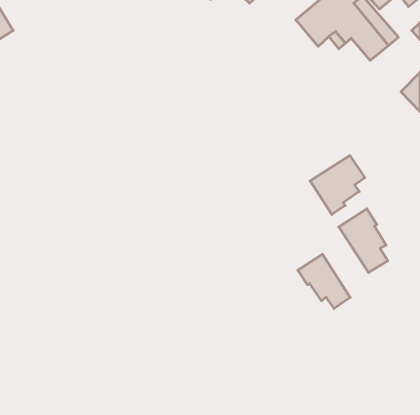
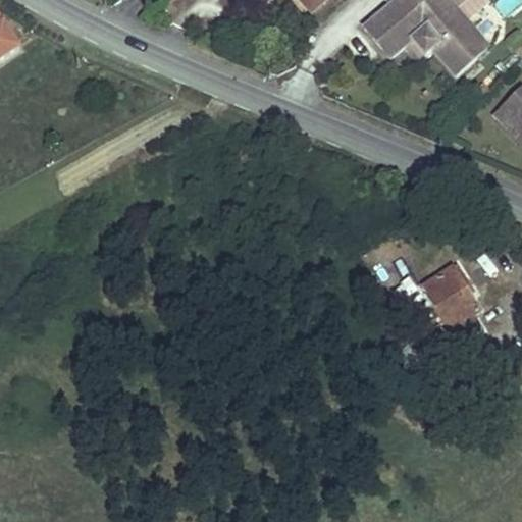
building: [310,156,365,215] -> none
building: [298,254,350,309] -> none

